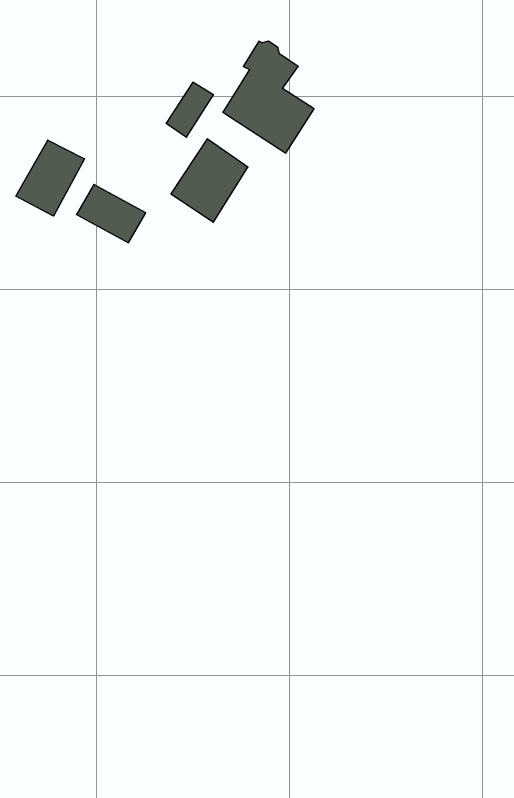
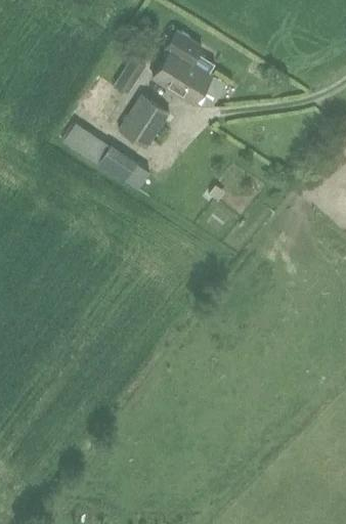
building: [16,140,85,216] -> none
building: none -> [93,144,144,190]

